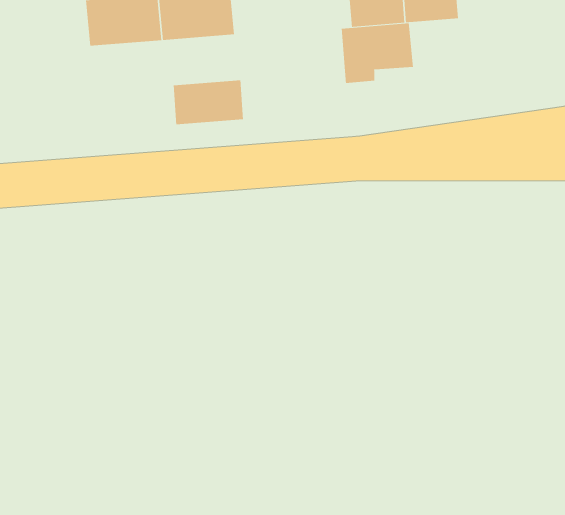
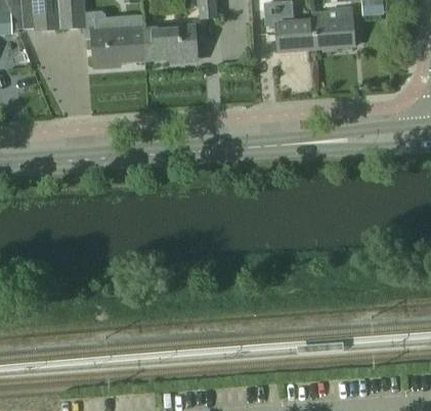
building: [341,23,414,84] -> none
building: [173,79,243,125] -> none

